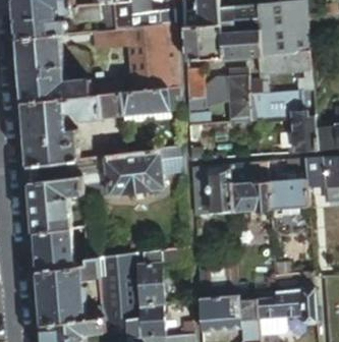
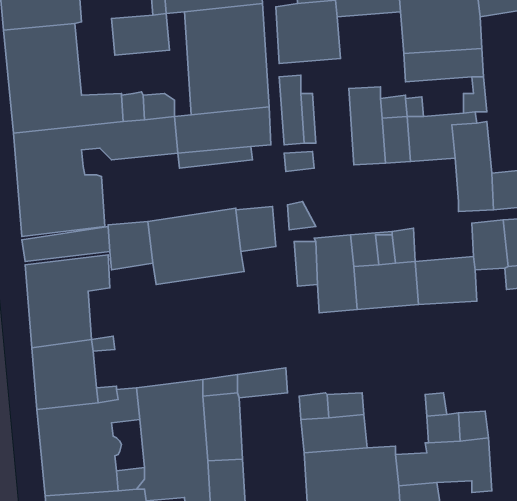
building: [220,30,261,58] -> none

